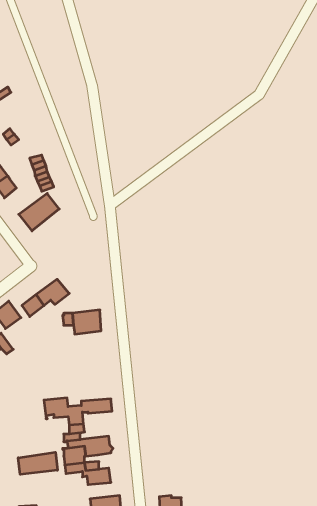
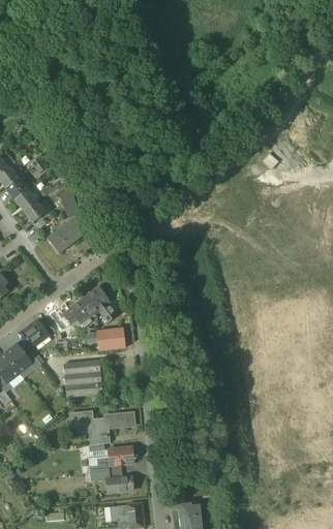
building: none -> [83,286,116,321]
building: none -> [64,360,102,398]
building: [18,452,57,474] -> none

